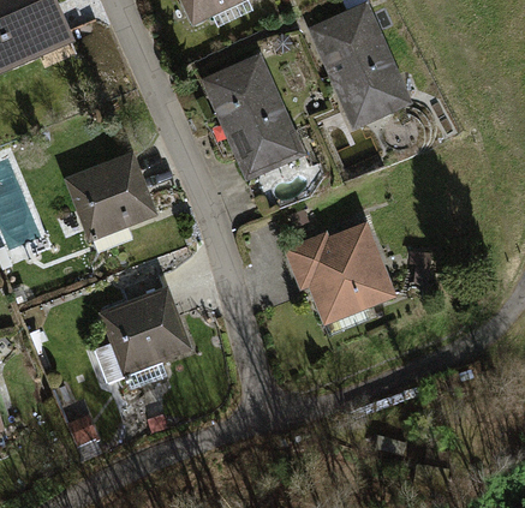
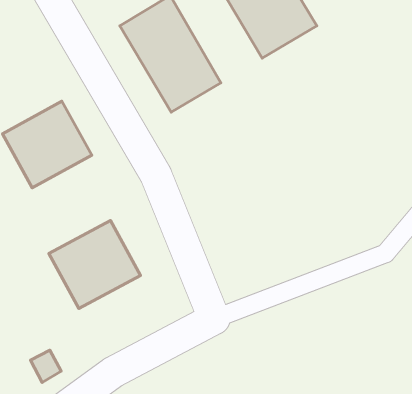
building: [282,223,395,324] -> none

